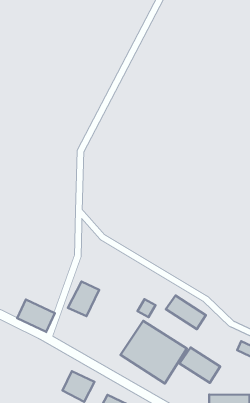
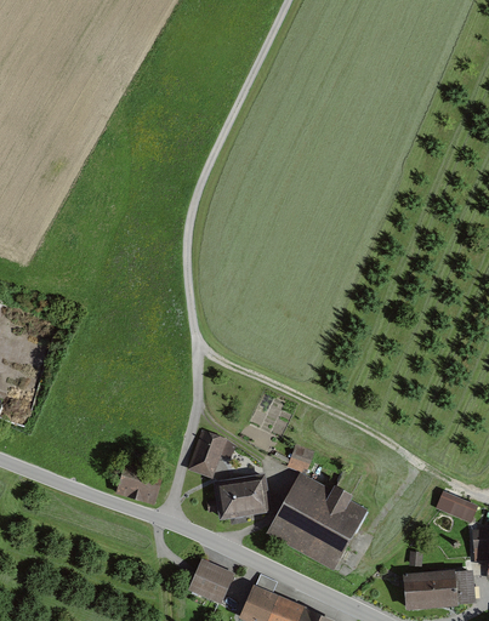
building: [166,295,206,329] -> none
building: none -> [214,475,272,518]
building: [179,347,220,383] -> none

